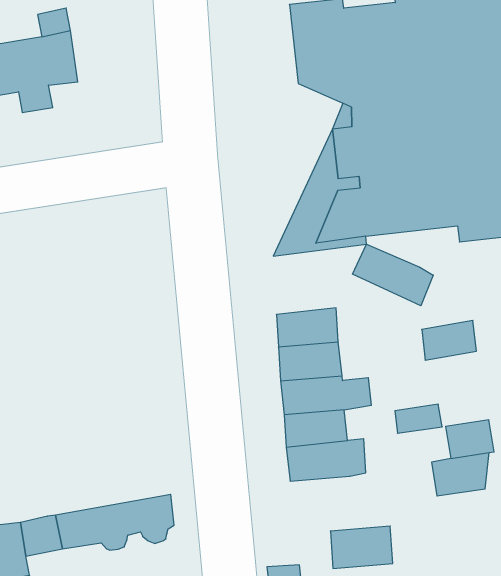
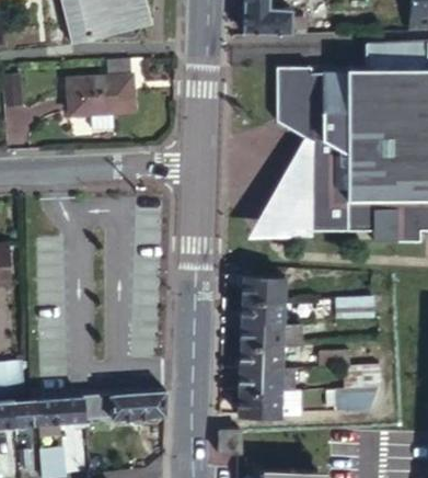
building: [353,244,433,306] -> none
building: [330,526,393,568] -> [241,390,282,417]

